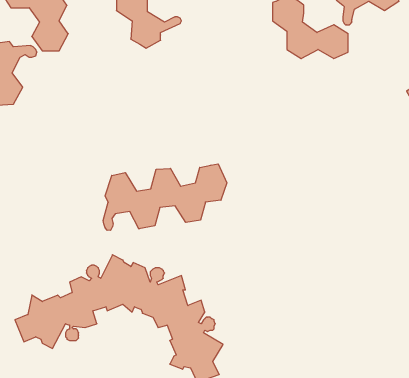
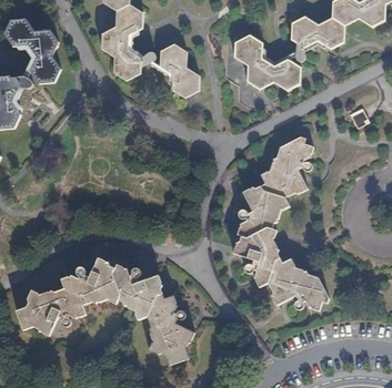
building: none -> [159,43,199,98]
building: none -> [231,137,328,312]
building: [103,164,227,230] -> none

